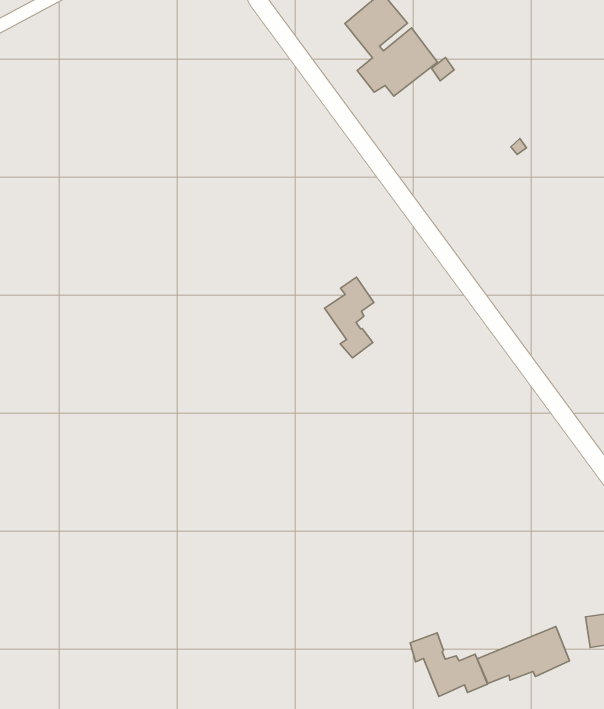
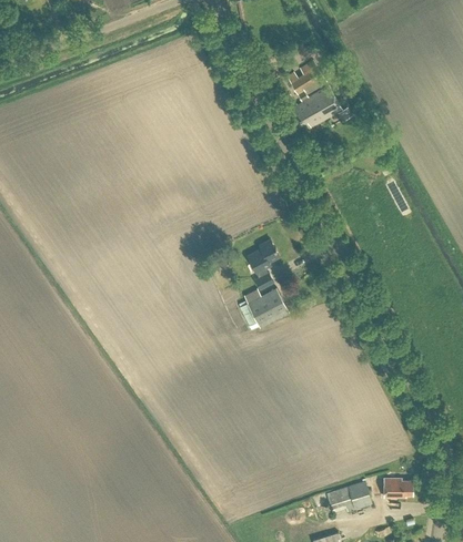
building: none -> [244,287,289,327]
building: [410,633,488,696] -> none

